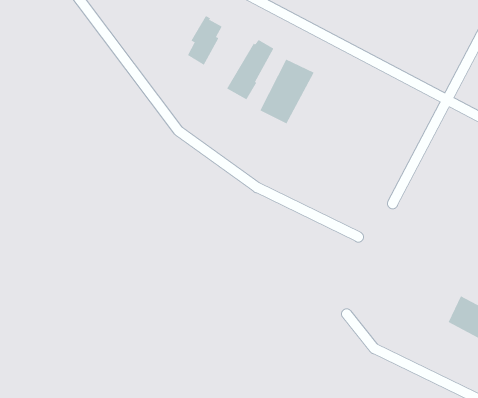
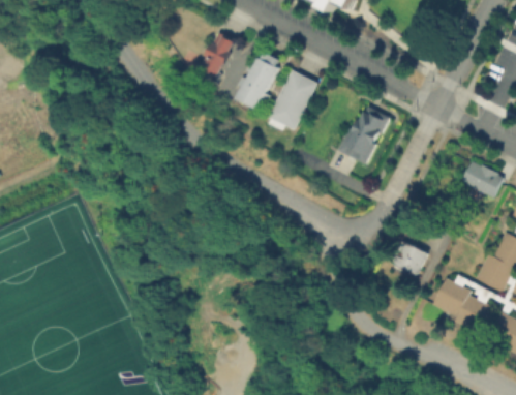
building: none -> [336,102,388,162]
building: none -> [395,244,430,279]

